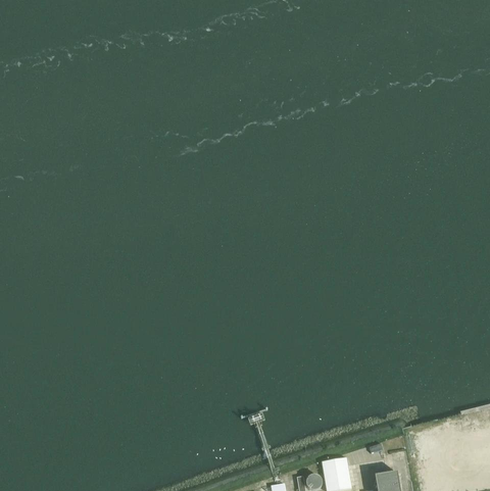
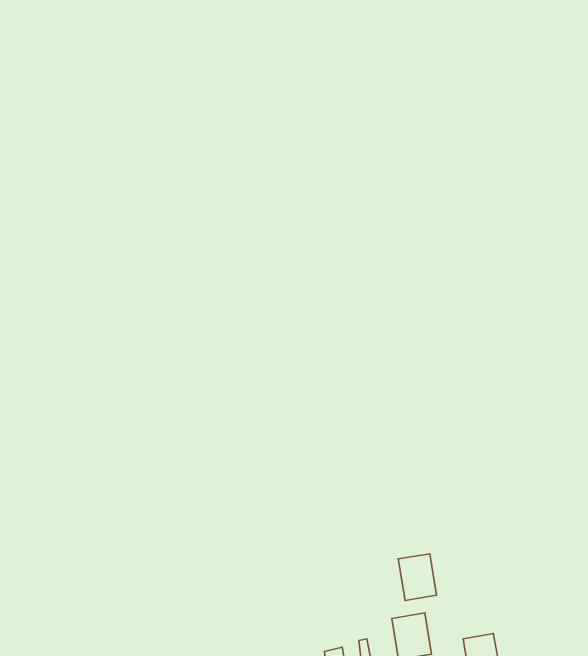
building: none -> [398,554,437,600]

